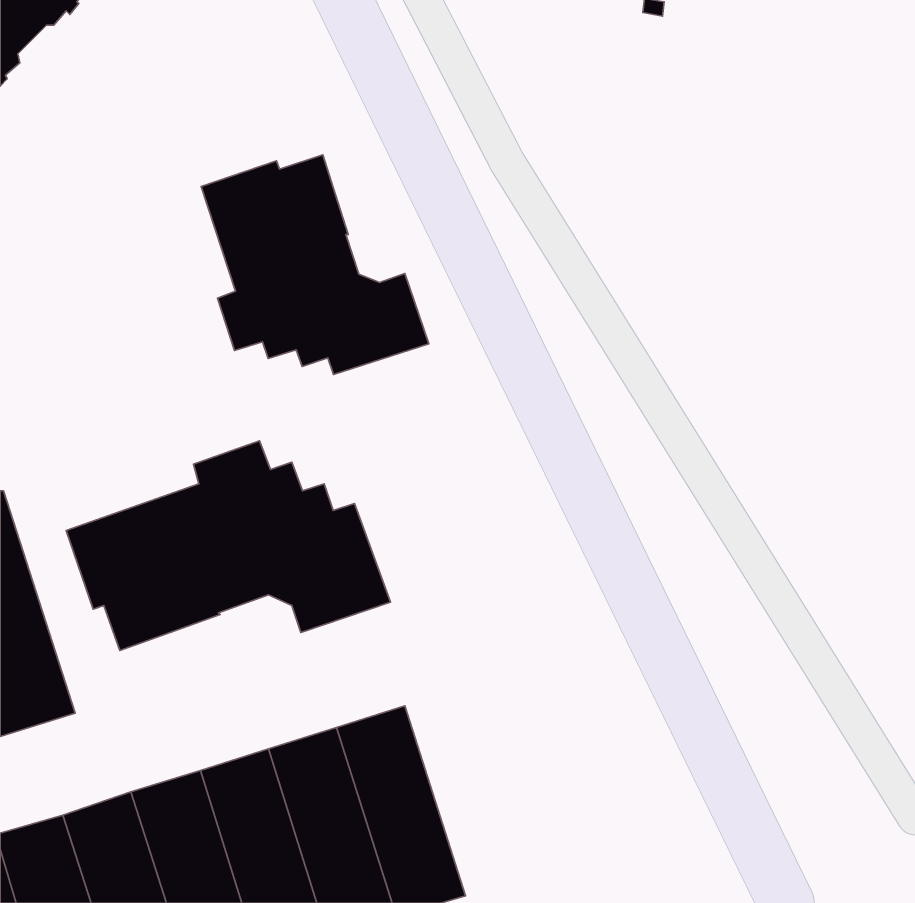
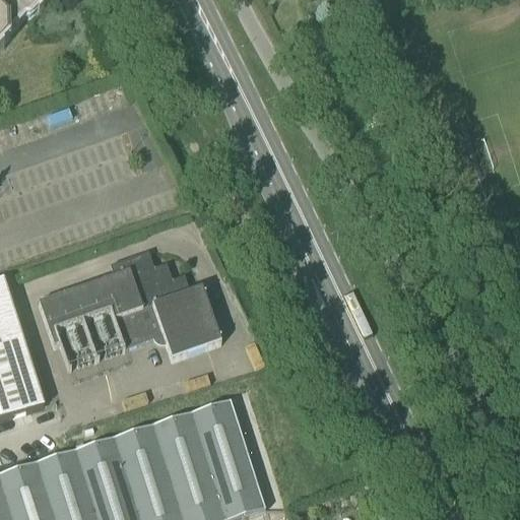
building: [201,155,429,374] -> none

